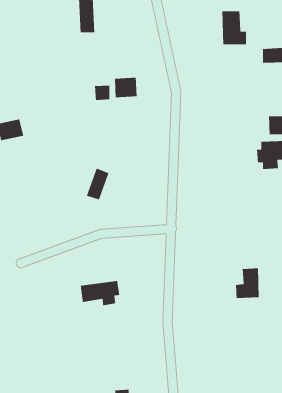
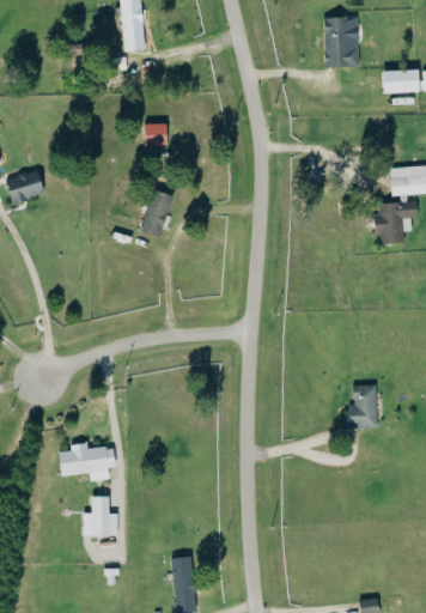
building: [114,77,137,98] -> none
building: [86,168,110,200] -> [139,189,172,236]
building: [80,280,120,306] -> [57,444,115,481]
building: none -> [90,496,116,535]

